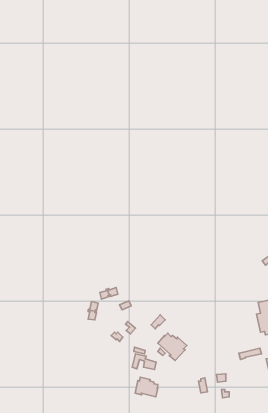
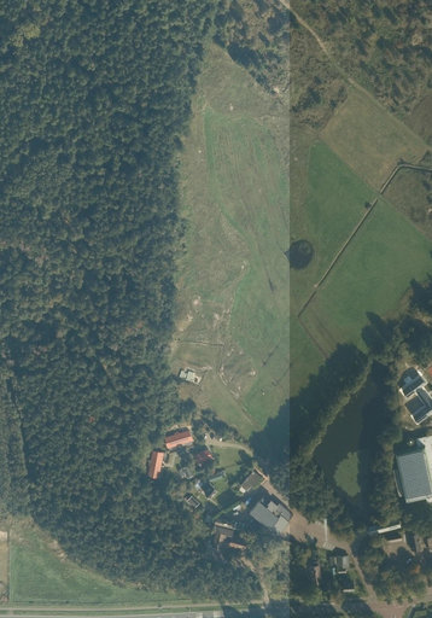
building: [135,377,158,397] -> none

